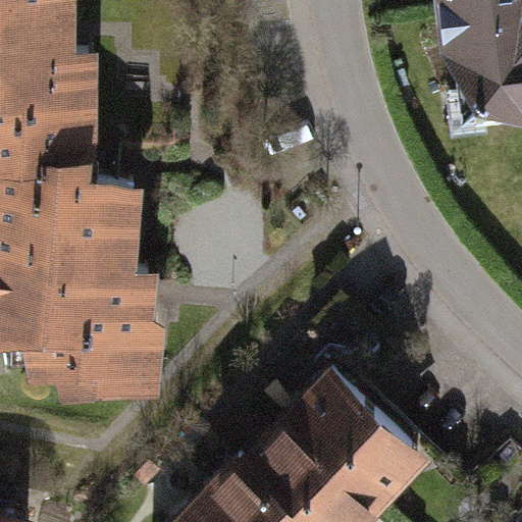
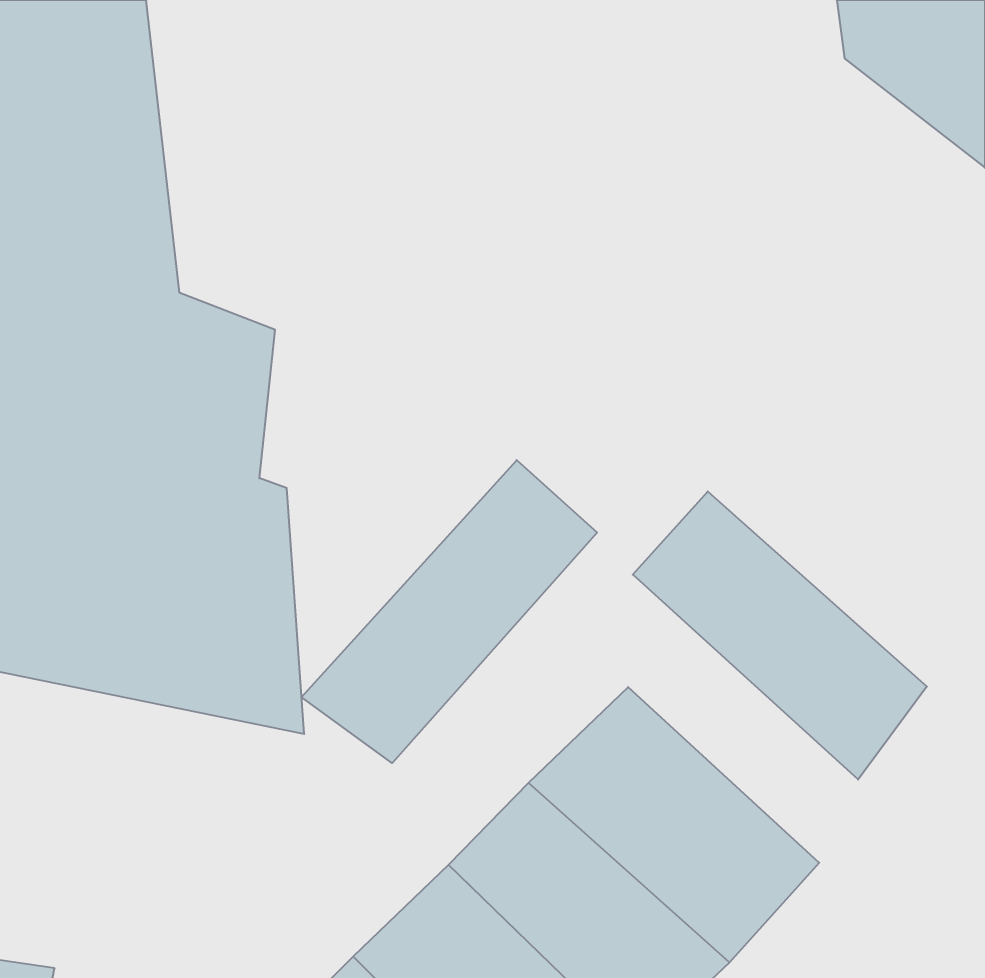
building: none -> [302,460,597,763]
building: none -> [633,491,927,780]

